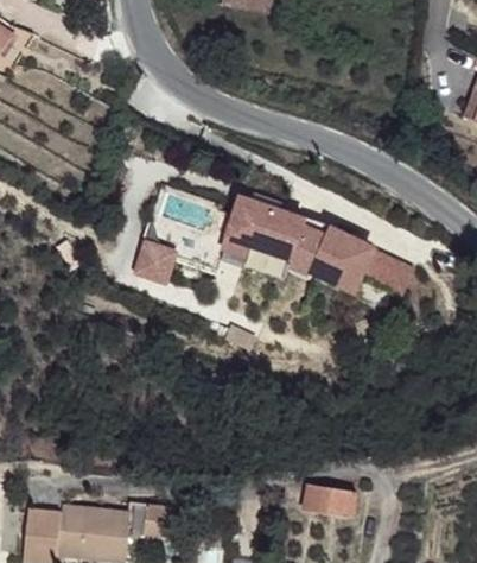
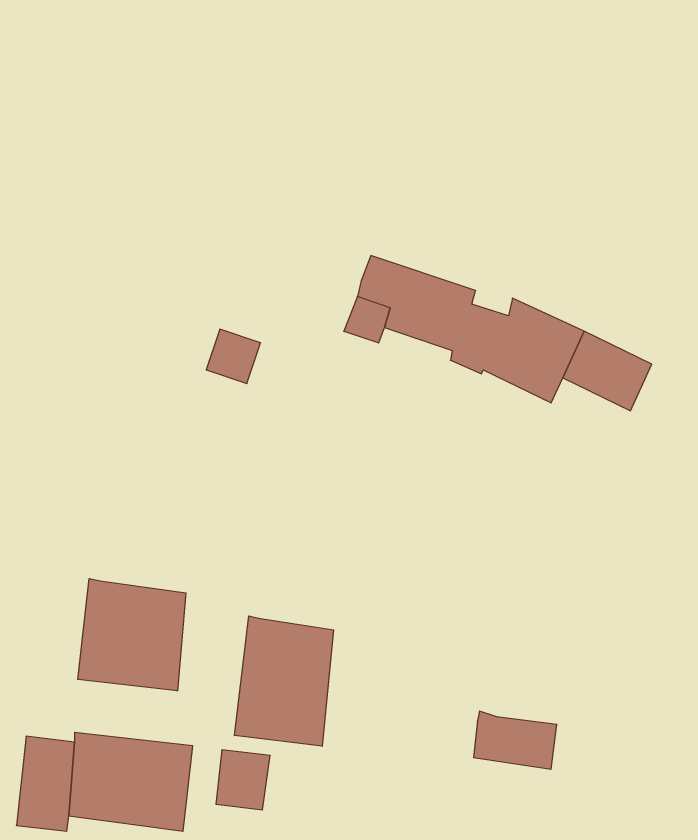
building: none -> [78,579,186,691]
building: none -> [235,616,334,746]

